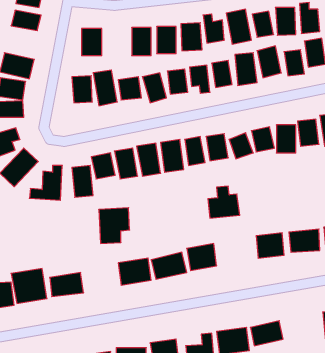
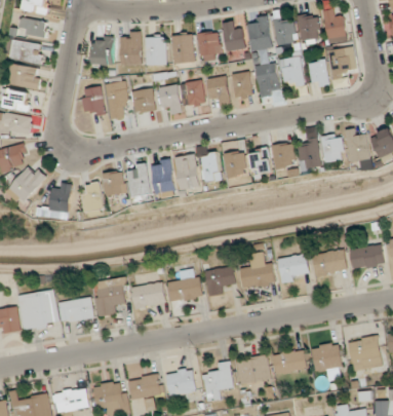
building: none -> [120,33,141,65]
building: none -> [10,40,44,65]
building: [208,186,240,218] -> [240,254,274,288]
building: [99,208,130,243] -> [94,278,127,316]
building: none -> [313,344,341,369]

